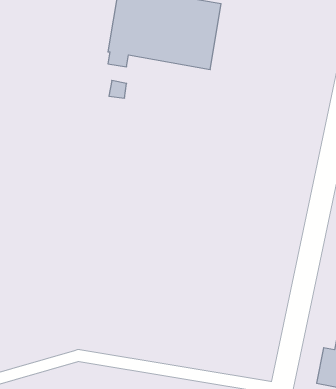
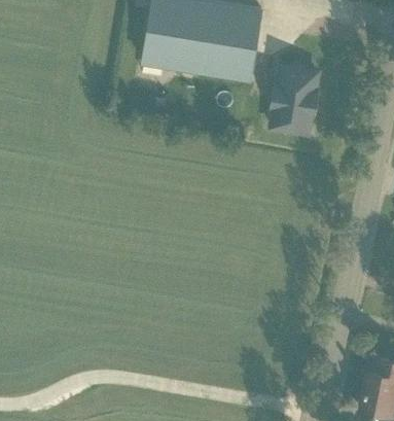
building: none -> [270,66,320,136]

